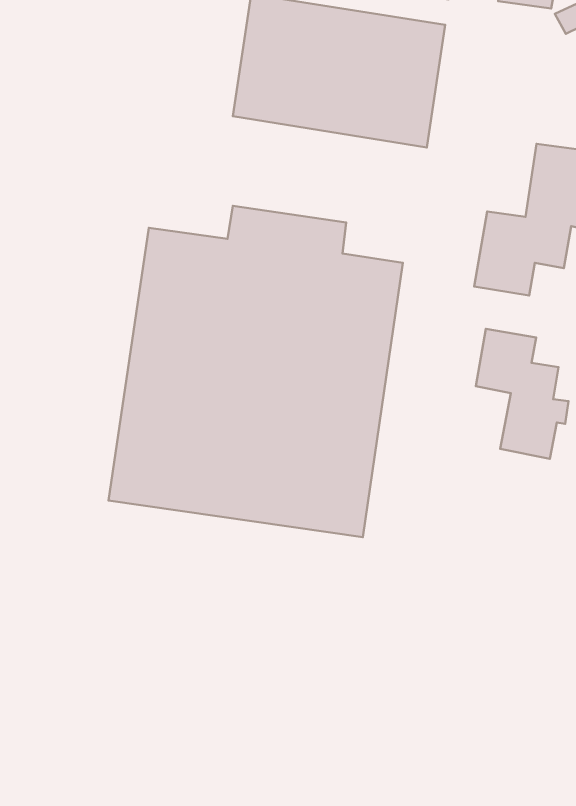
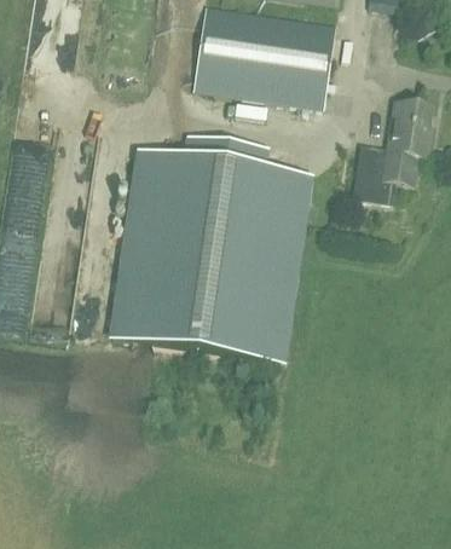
building: [476,329,569,459] -> none

